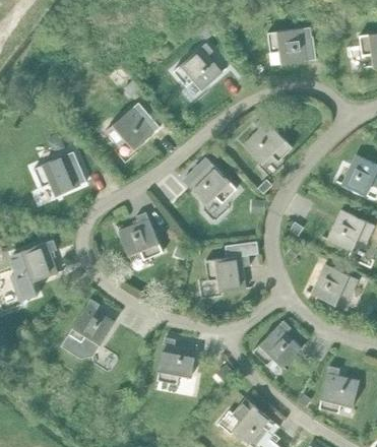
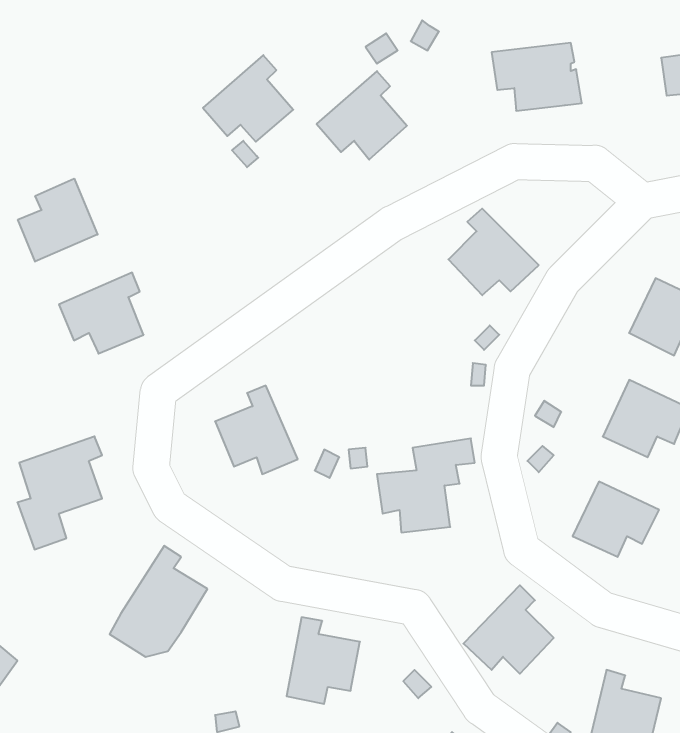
building: none -> [18,179,98,262]
building: [106,103,154,149] -> [203,55,293,142]
building: [183,157,237,205] -> none

